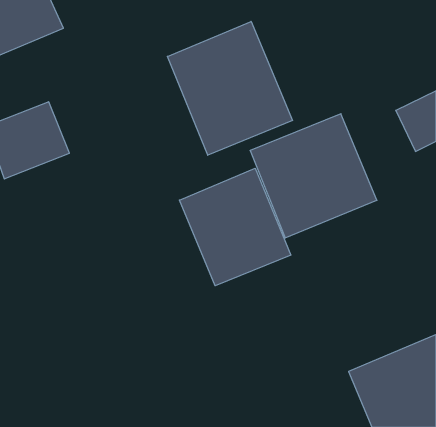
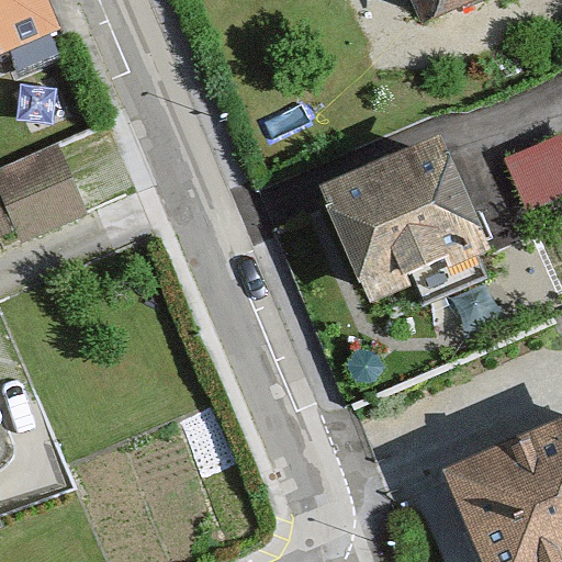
building: [167,21,293,155] -> none
building: [179,168,291,286] -> none

